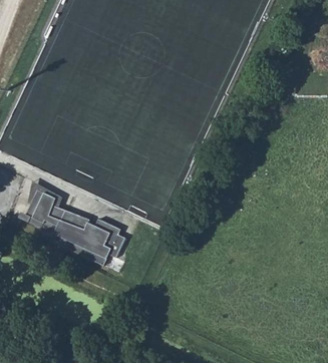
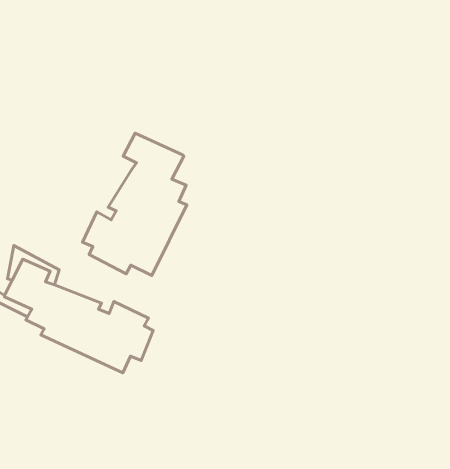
building: none -> [82,133,187,275]

